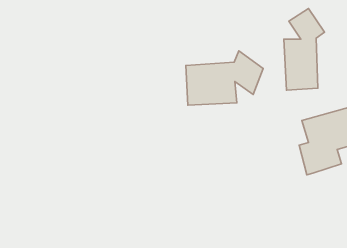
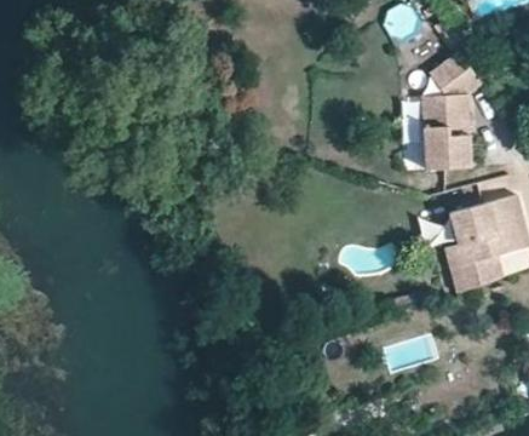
building: [186,51,263,105] -> none

